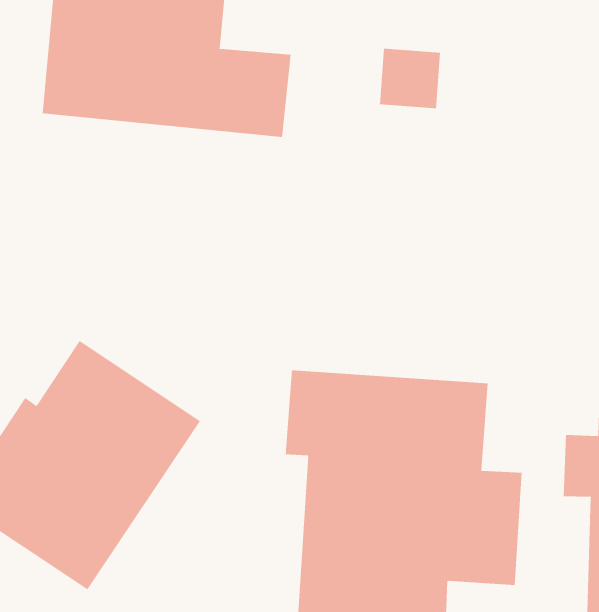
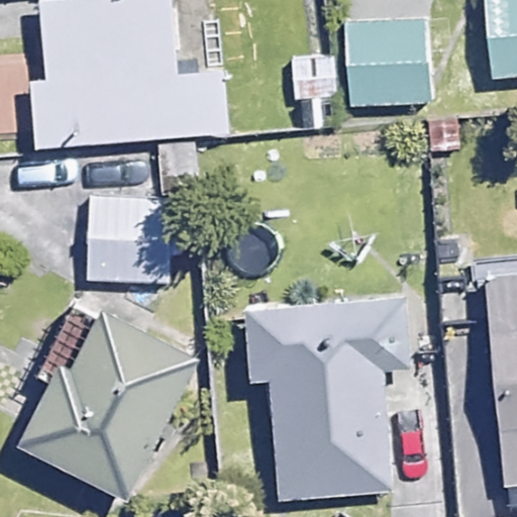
building: none -> [345,23,431,107]
building: none -> [88,197,173,282]

